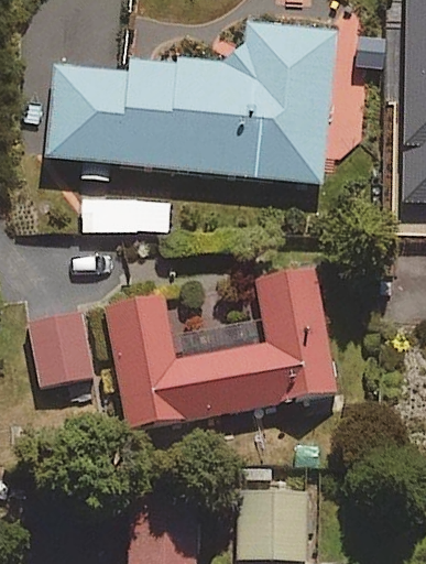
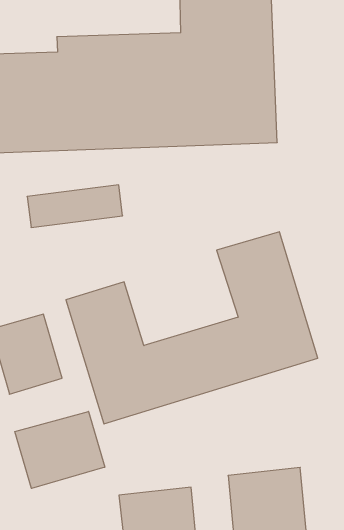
building: none -> [15,411,105,488]

